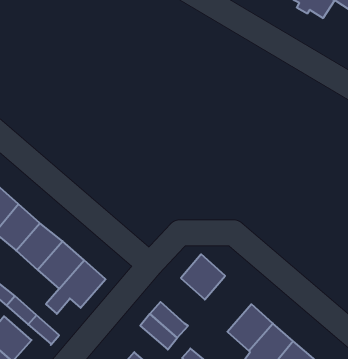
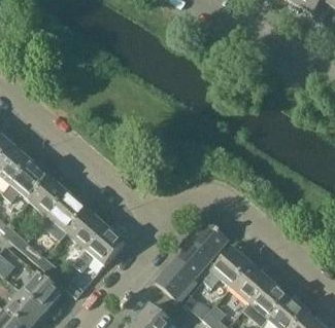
building: none -> [171,241,209,280]
building: none -> [202,247,249,288]

